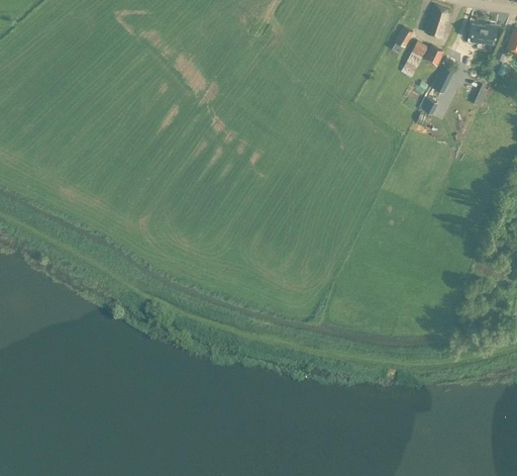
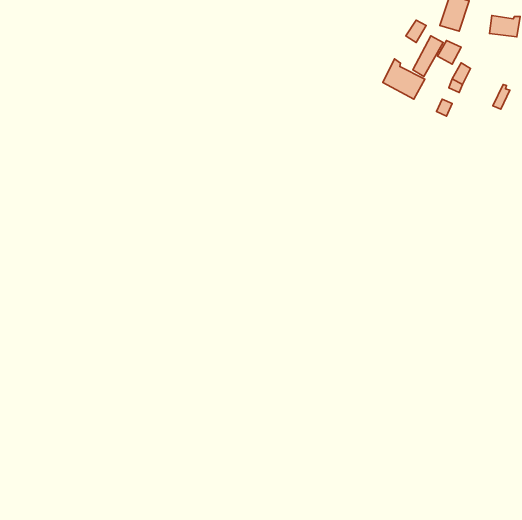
building: none -> [383,59,425,99]

